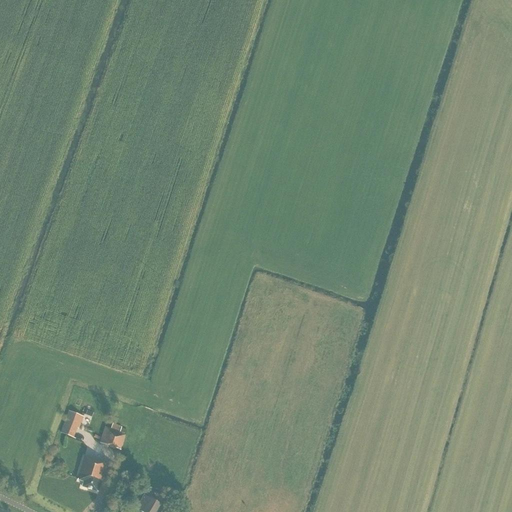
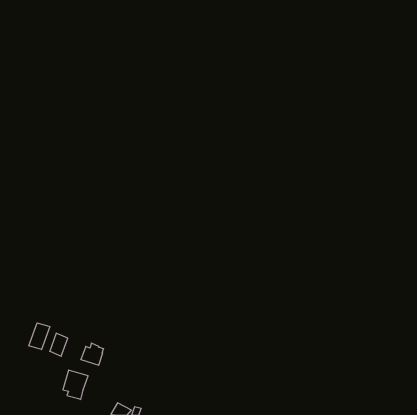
building: none -> [29,323,50,350]

